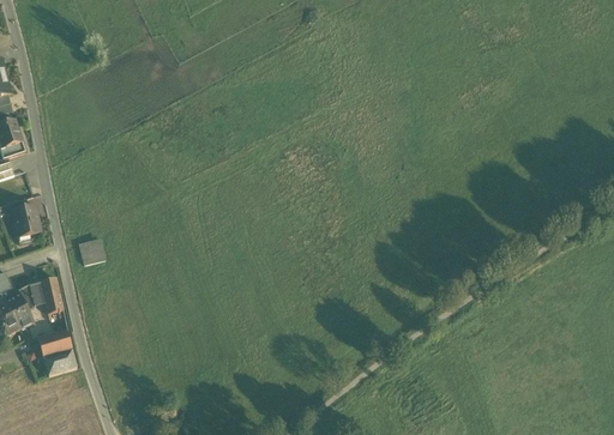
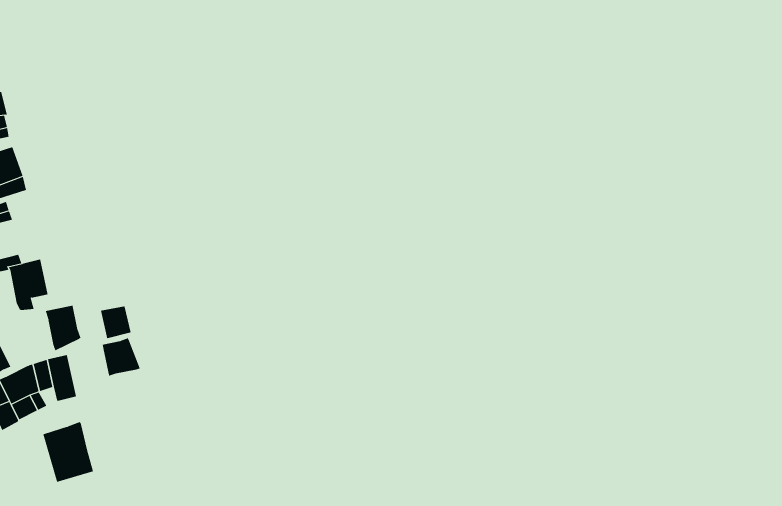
building: none -> [45,305,81,351]
building: none -> [102,337,140,376]

